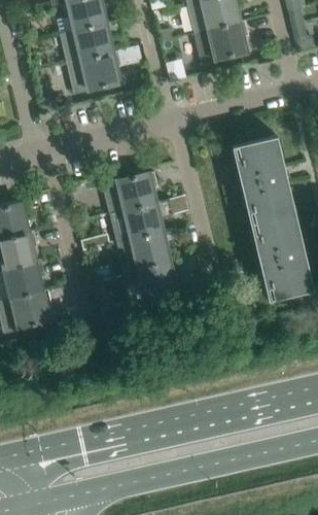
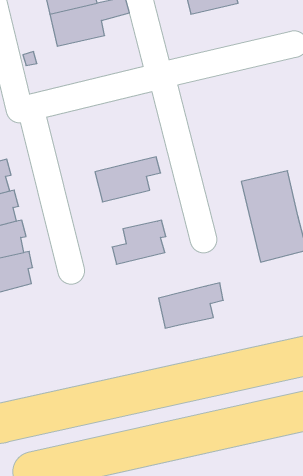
building: [232,136,294,224] -> none
building: [103,172,157,214] -> none
building: [117,229,179,272] -> [159,283,223,328]

